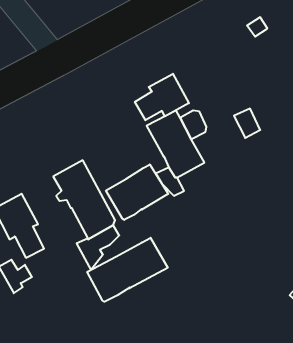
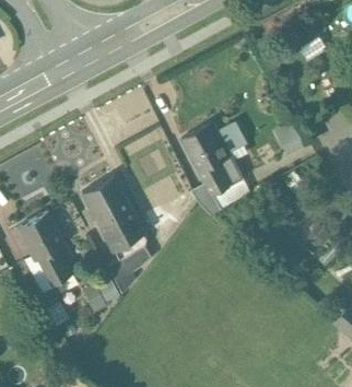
building: [135,74,189,120] -> none
building: [106,164,168,220] -> none
building: [87,238,168,302] -> none

